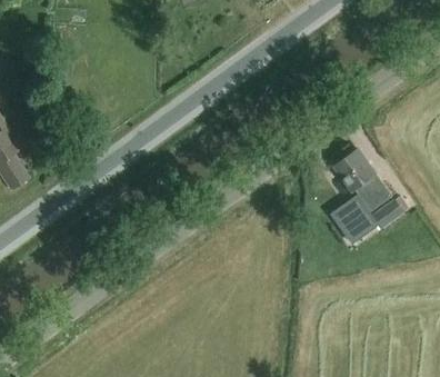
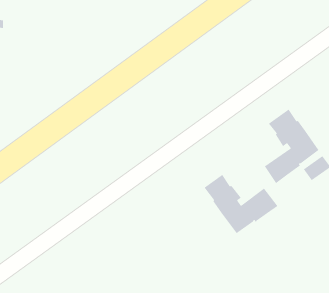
building: none -> [204,174,279,234]

